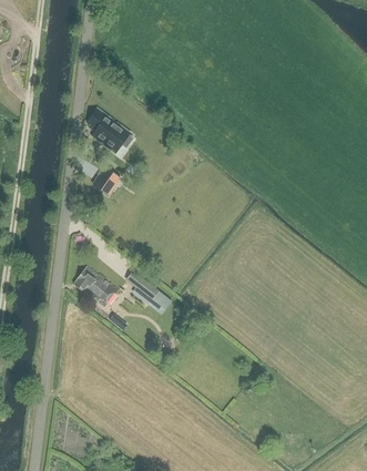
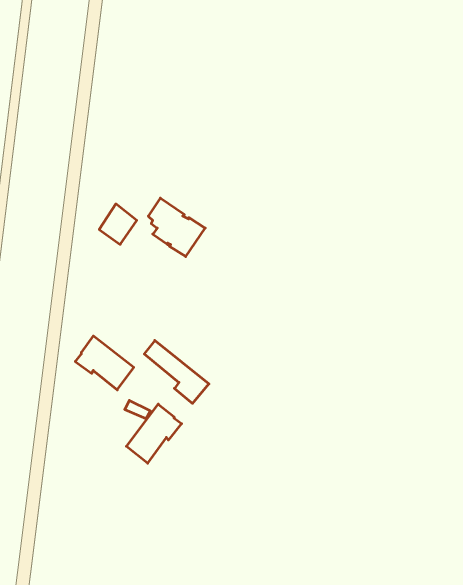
building: [86,112,129,155] -> [148,198,205,257]
building: none -> [126,404,182,463]

